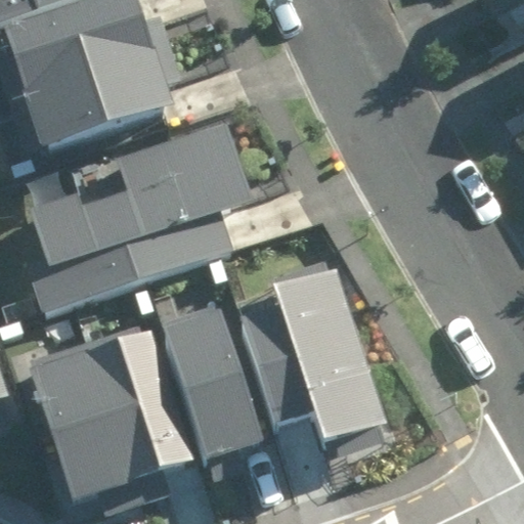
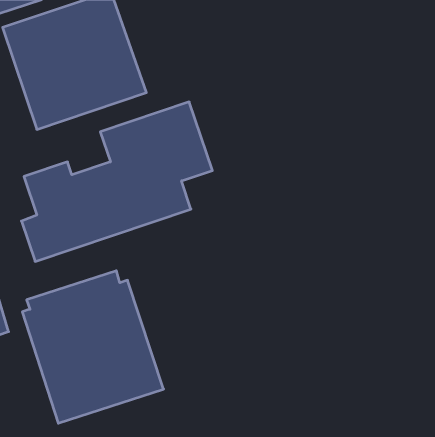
building: [243,259,389,450] -> none
building: [165,305,263,464] -> none

